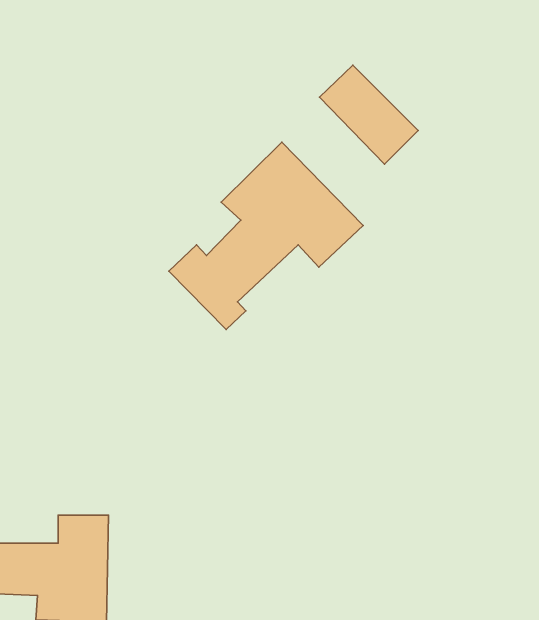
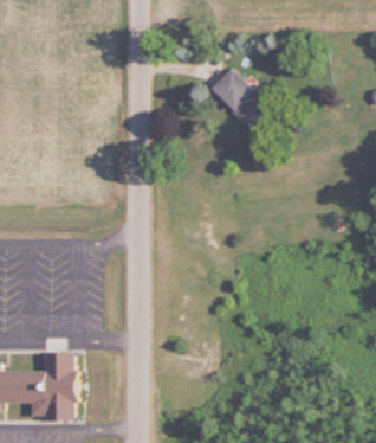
building: [169,142,363,329] -> none

